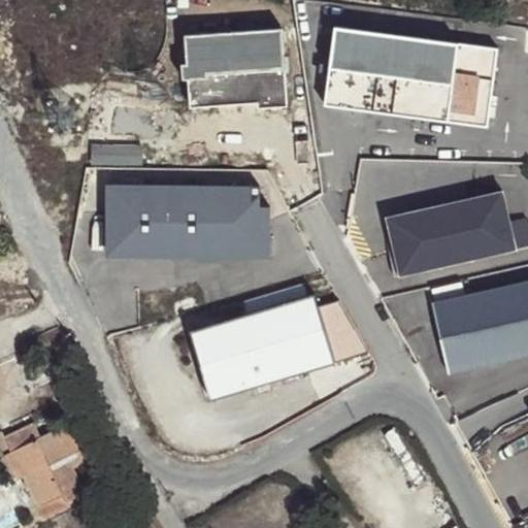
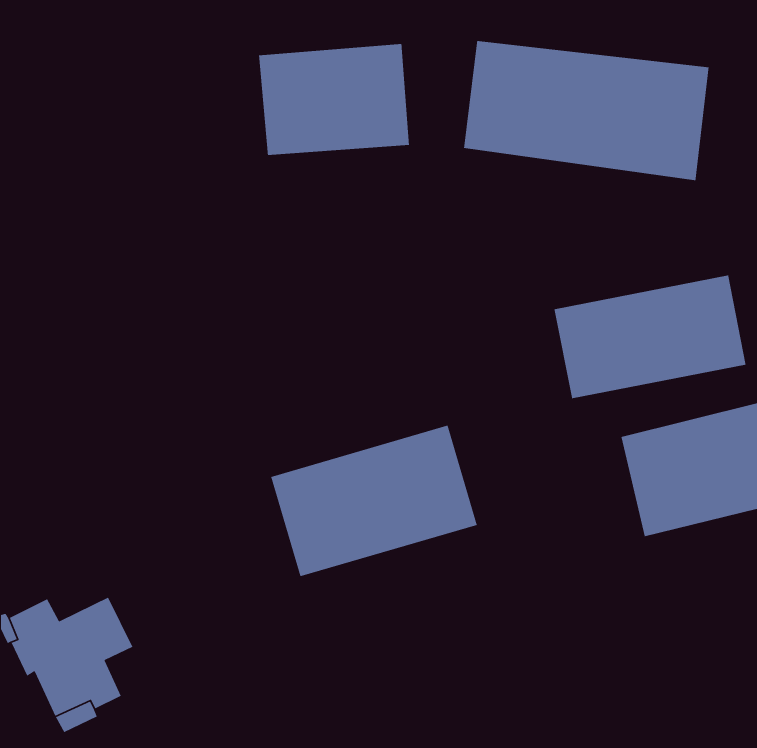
building: [100,180,267,257] -> none

